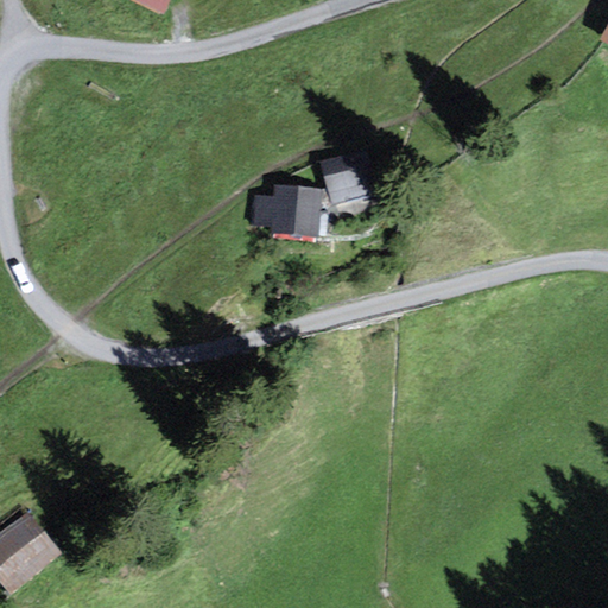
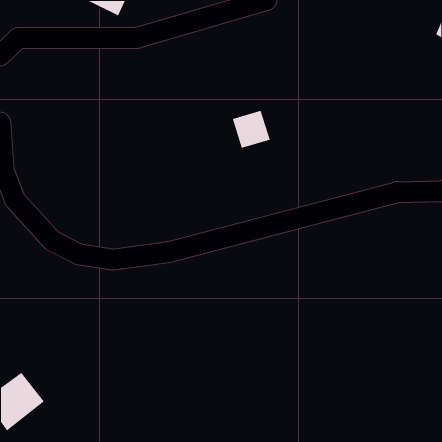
building: [252,185,322,238] -> none

